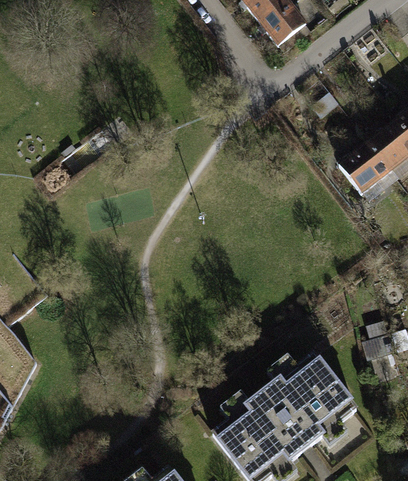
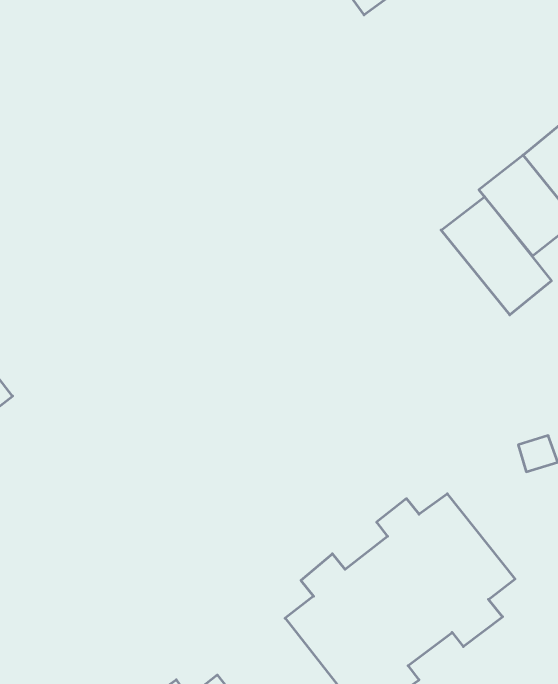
building: none -> [441,197,551,315]

